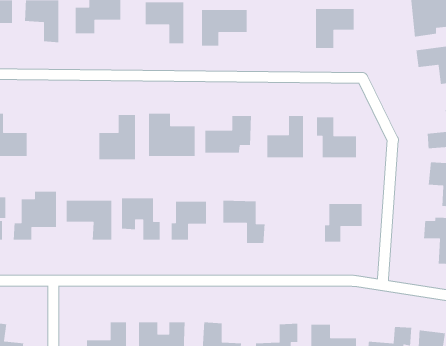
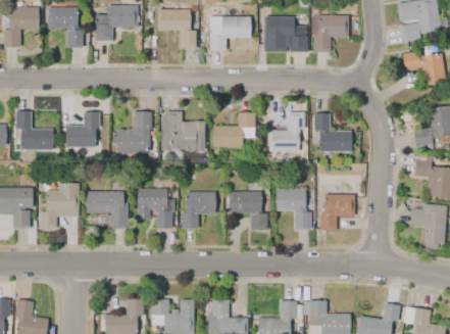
building: none -> [264,16,306,51]
building: none -> [65,111,100,147]
building: none -> [276,186,311,227]

